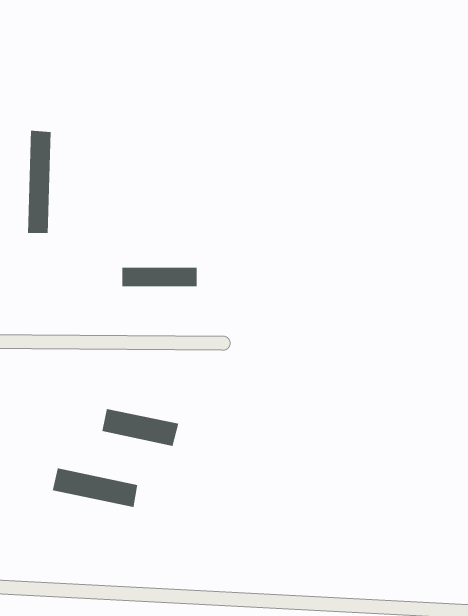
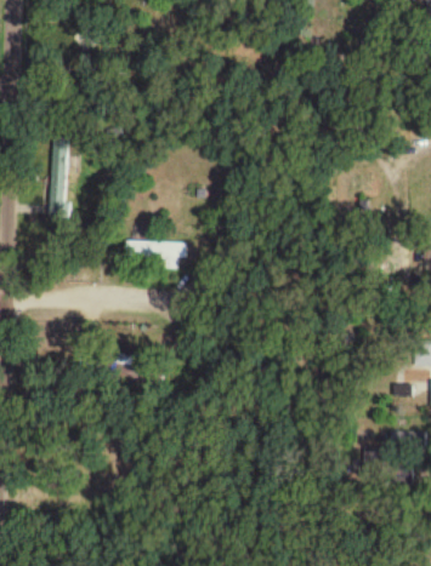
building: [52,468,138,508] -> none

